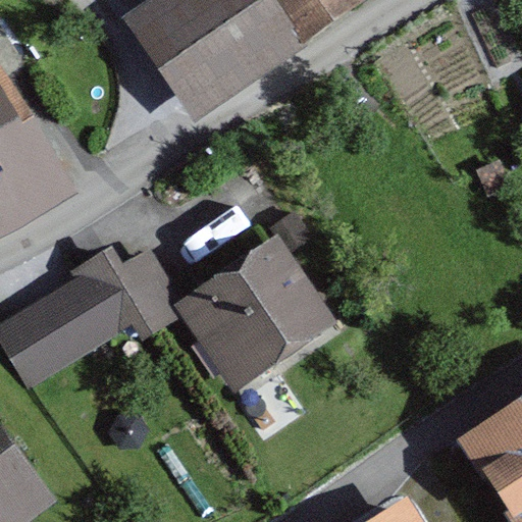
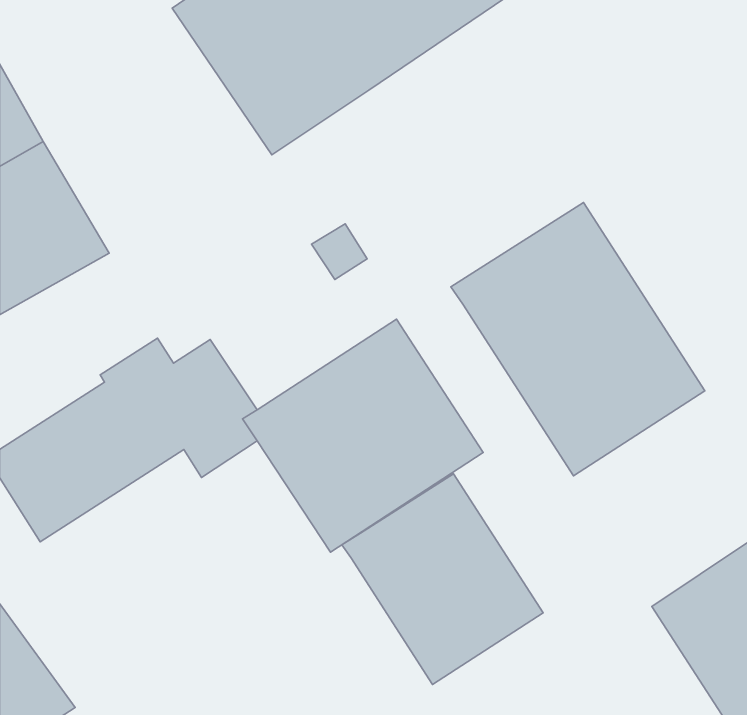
building: none -> [451,202,705,476]
building: none -> [342,474,543,684]

